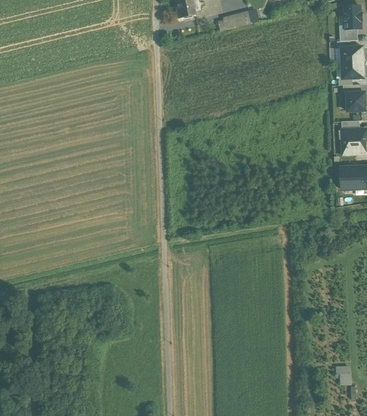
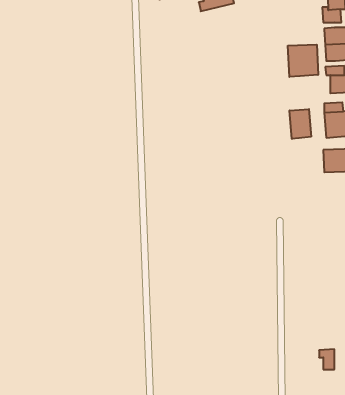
building: none -> [288,45,318,77]
building: none -> [290,109,311,139]

